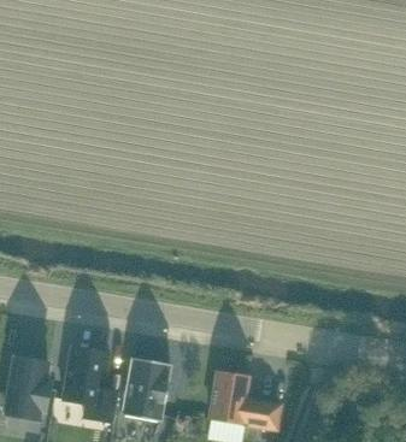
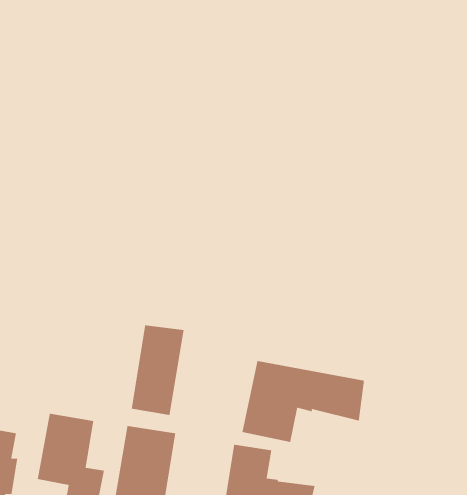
building: none -> [131,324,184,416]
building: none -> [241,360,365,443]

